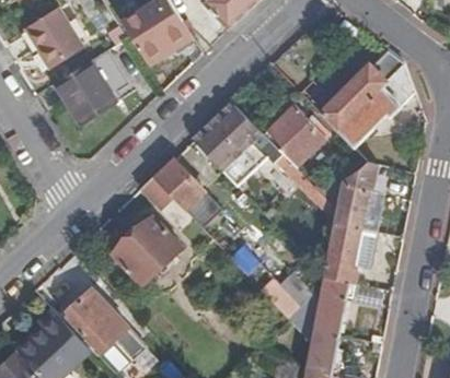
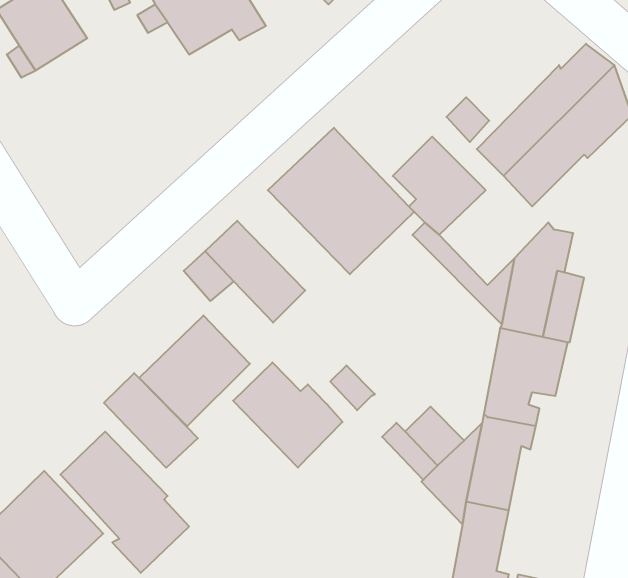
building: [54,50,129,125] -> none
building: none -> [233,362,343,468]
building: none -> [104,373,198,468]

